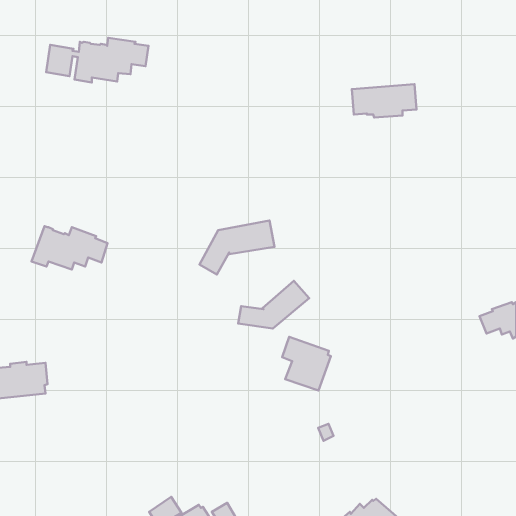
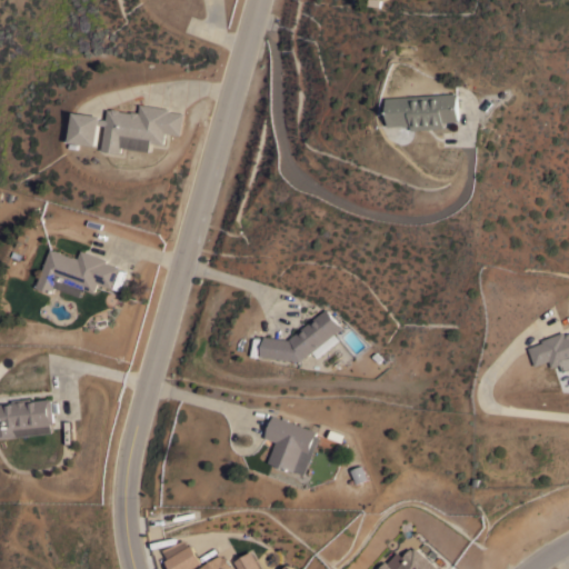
building: [46,38,149,82] -> [70,106,182,154]
building: [200,221,275,274] -> none
building: [282,337,331,390] -> [263,417,317,476]

